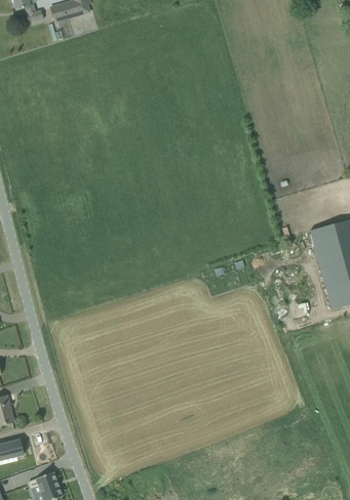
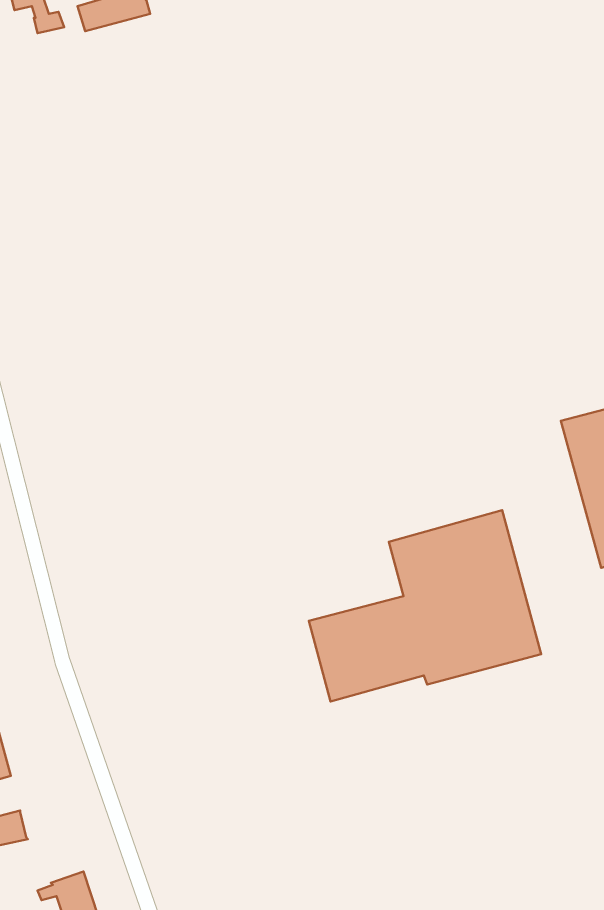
building: none -> [309,510,541,702]

